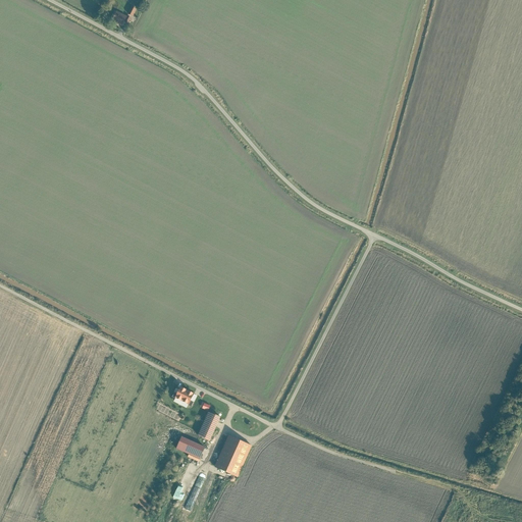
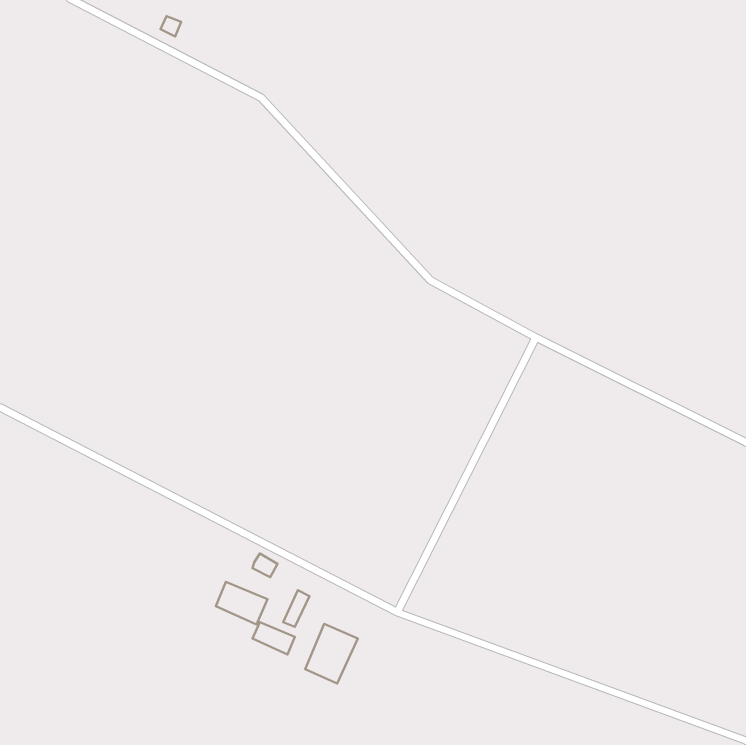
building: none -> [216,582,267,624]

